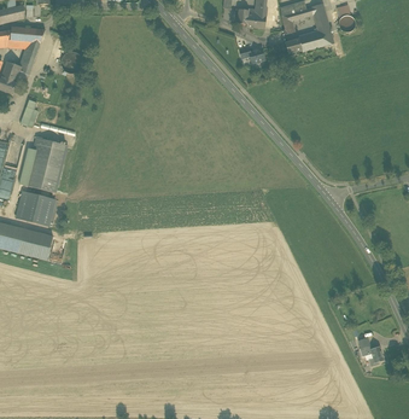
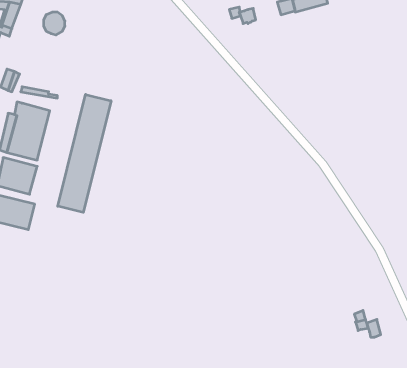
building: none -> [58,94,111,212]

